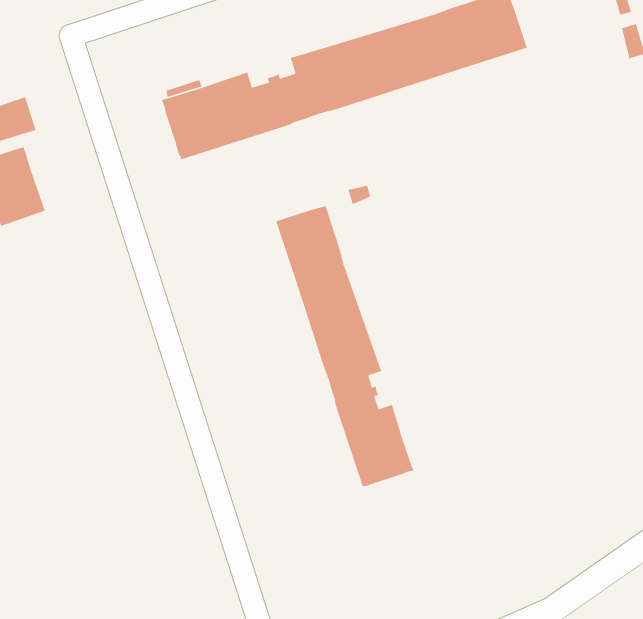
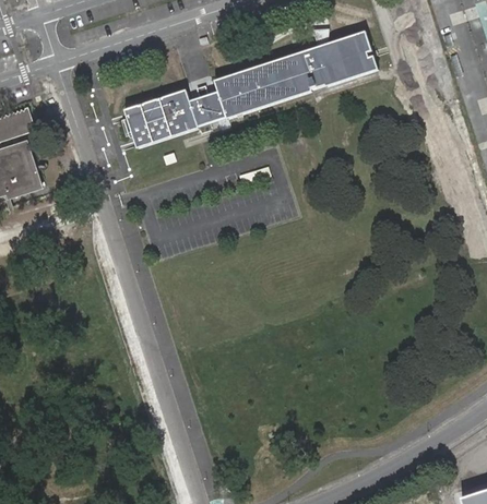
building: [275,205,414,487] -> none

